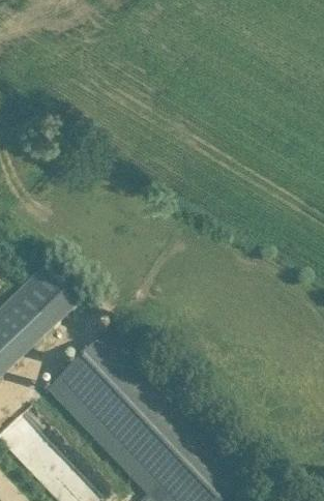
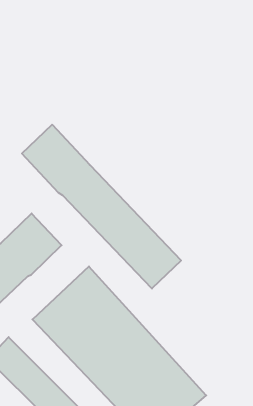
building: none -> [22,125,181,289]

